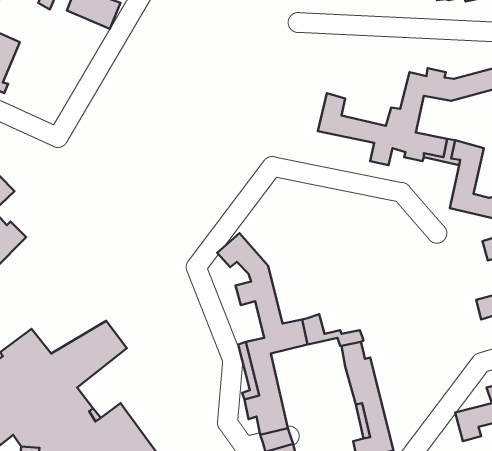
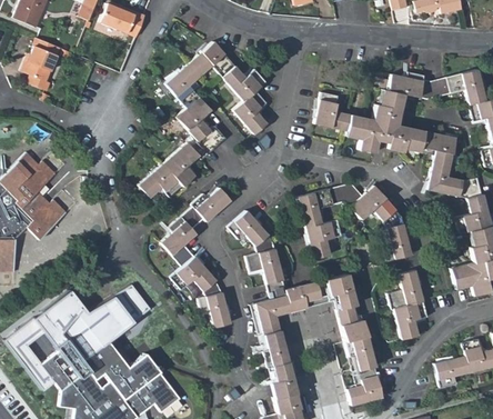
building: none -> [141,42,270,200]
building: none -> [300,184,412,262]
building: none -> [162,188,233,326]
building: none -> [388,270,426,339]
building: none -> [318,273,352,297]

